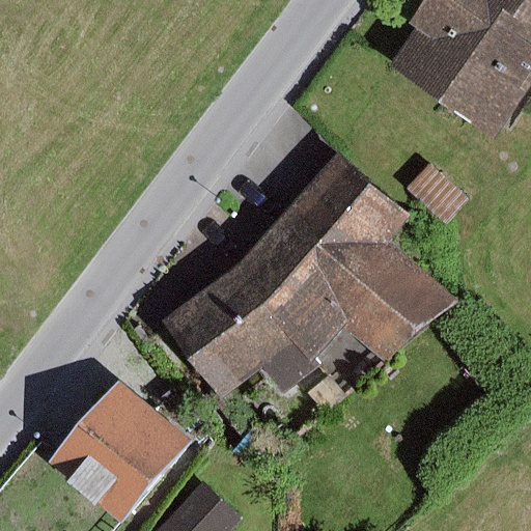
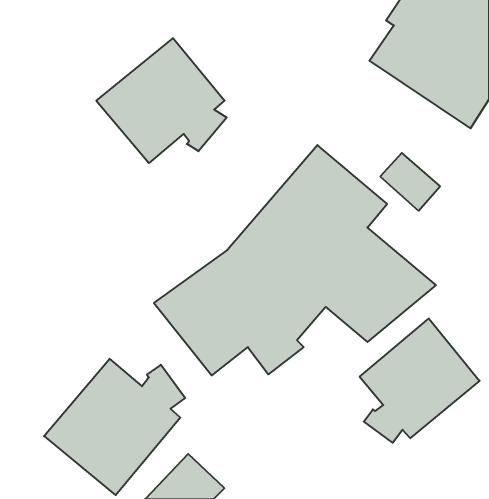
building: none -> [96,38,227,163]
building: none -> [360,319,480,443]

